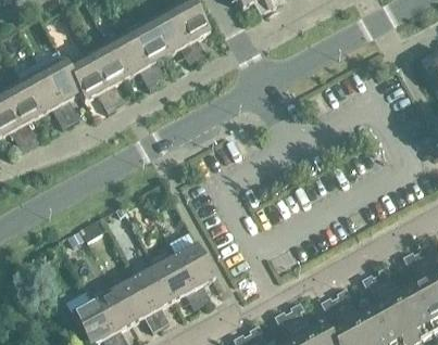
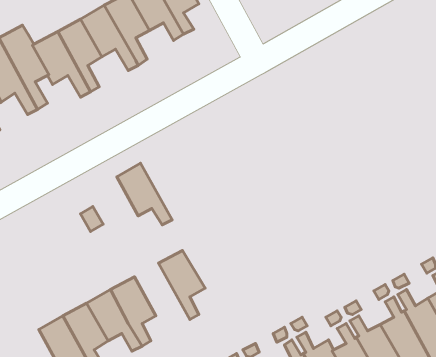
building: [155,254,203,307] -> [117,163,172,225]

